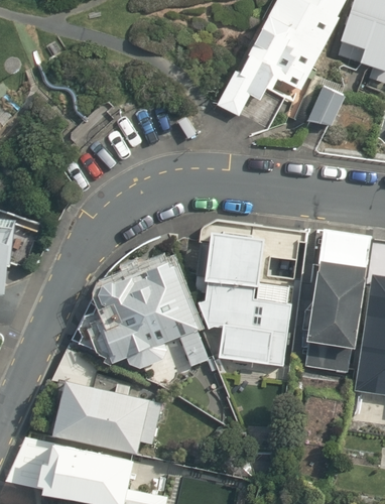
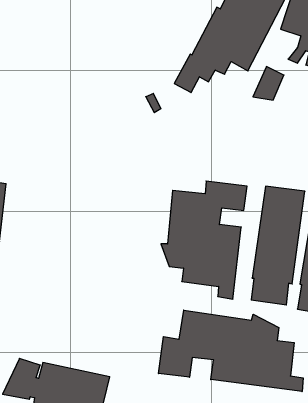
building: [76,262,211,367] -> none
building: [52,350,163,455] -> none
building: none -> [159,310,303,392]

